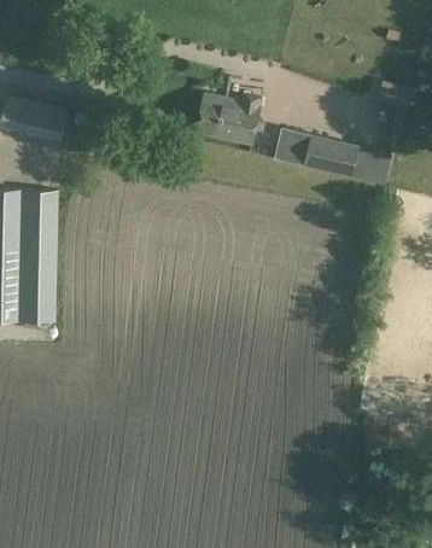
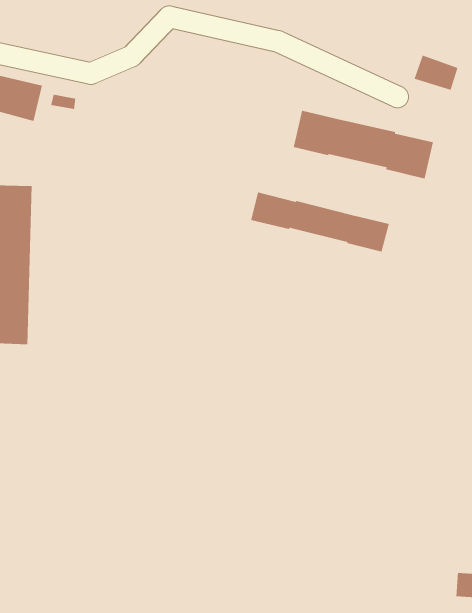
building: [194,94,261,145] -> none
building: none -> [250,192,390,252]

